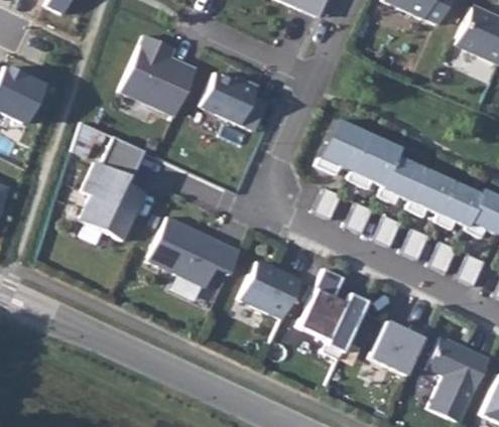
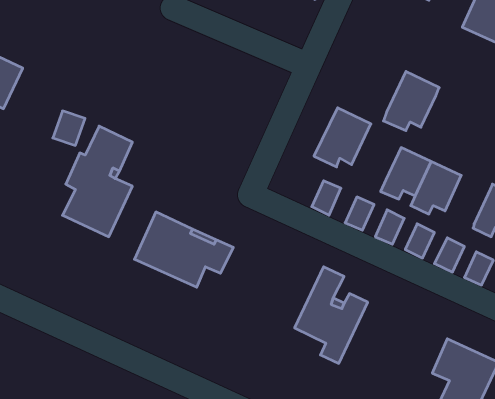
building: [122,31,198,111] -> none
building: [202,70,258,124] -> none
building: [349,134,401,189] -> [383,71,439,131]
building: [435,182,482,231] -> none
building: [240,261,301,318] -> none
building: [369,320,428,374] -> none

